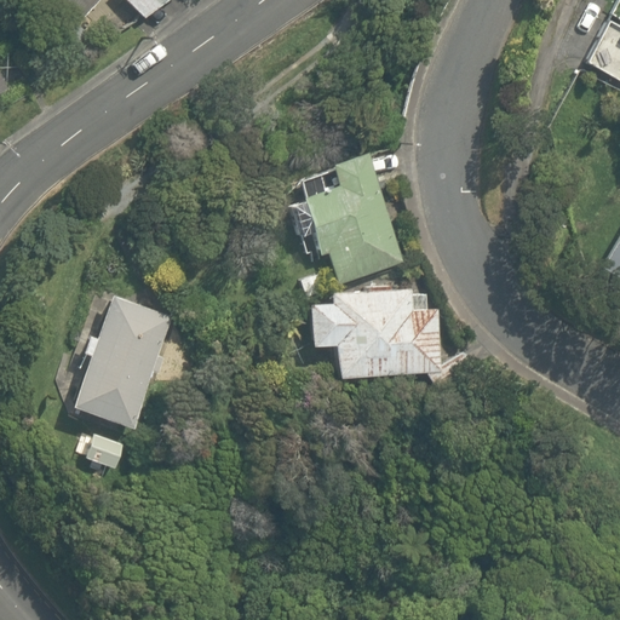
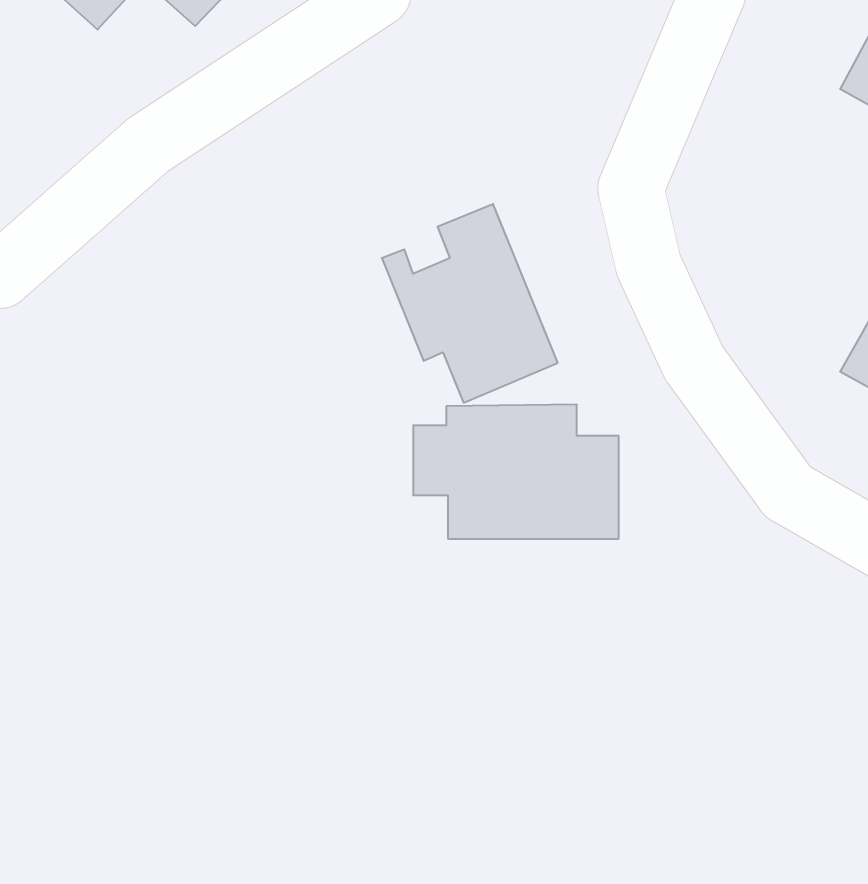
building: [63,315,178,442] -> none

